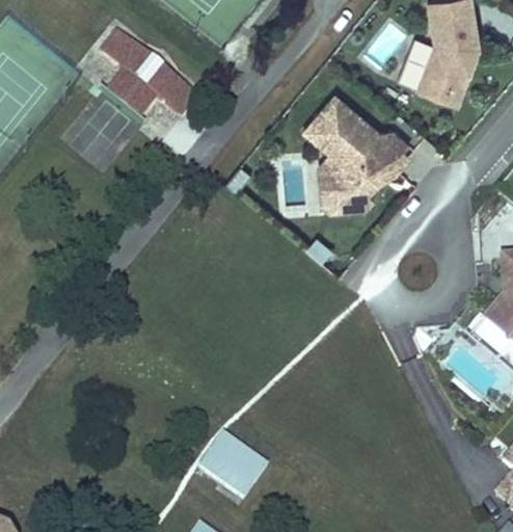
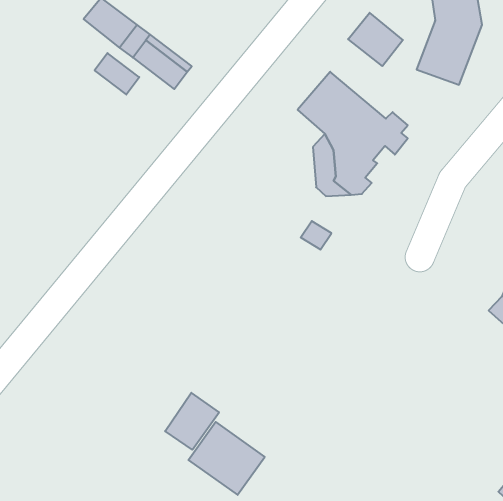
building: none -> [348,13,403,66]
building: none -> [165,393,219,450]

